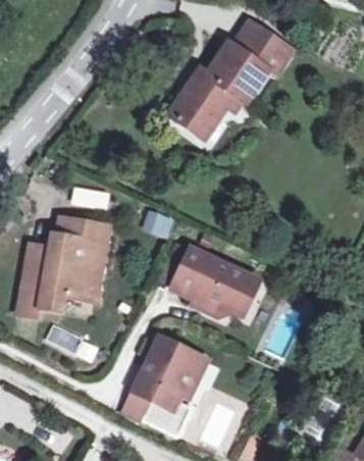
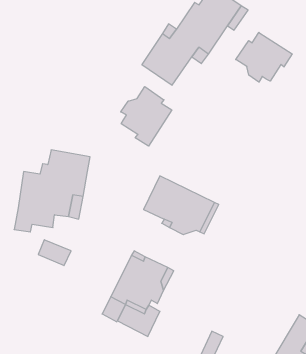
building: none -> [236,32,292,82]
building: none -> [121,87,172,146]

